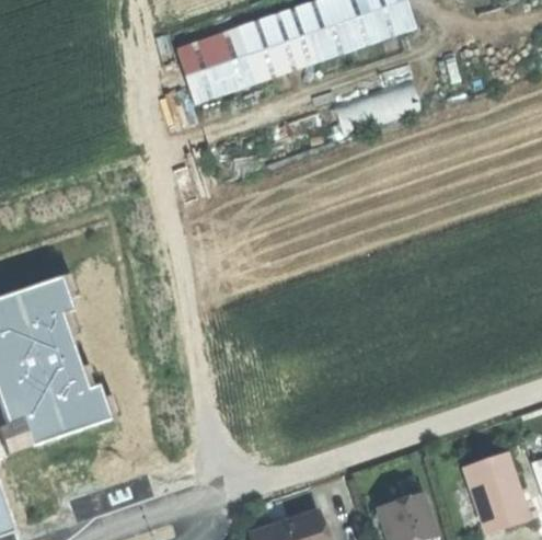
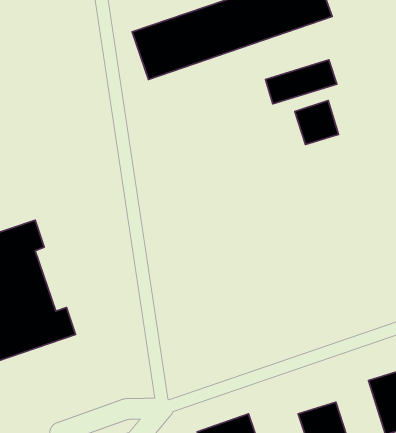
building: none -> [295,100,339,144]

